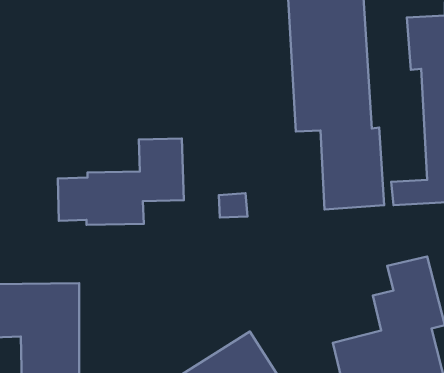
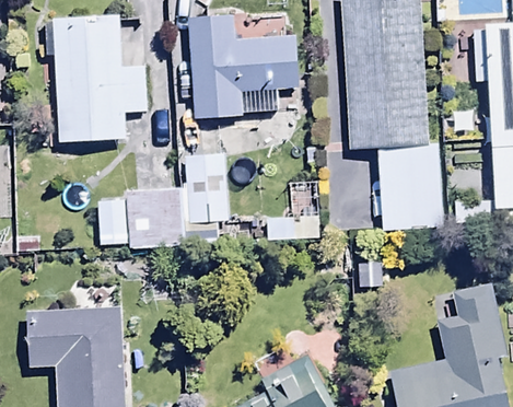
building: none -> [55,16,147,143]
building: none -> [188,18,296,120]

